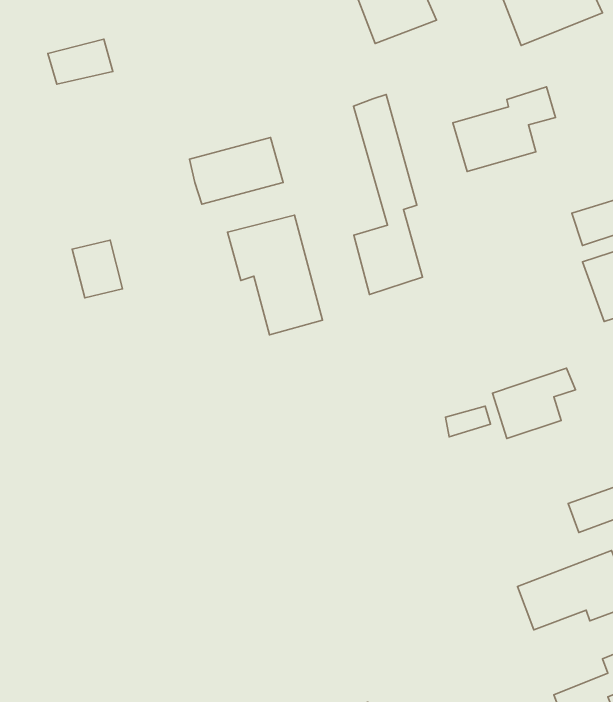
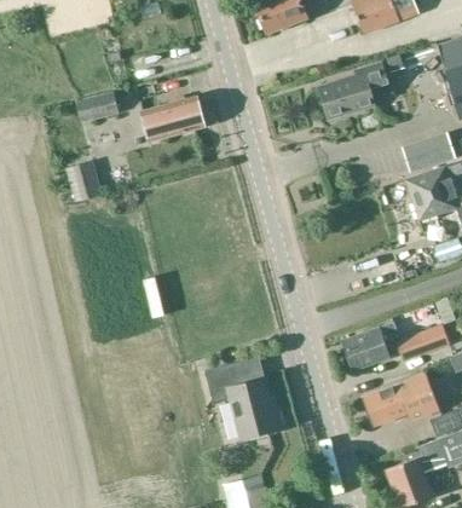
building: [48,39,113,84] -> [75,92,119,122]
building: [354,95,423,294] -> none
building: [227,215,323,335] -> none
building: [493,368,576,438] -> [343,323,399,370]
building: none -> [204,363,282,439]

